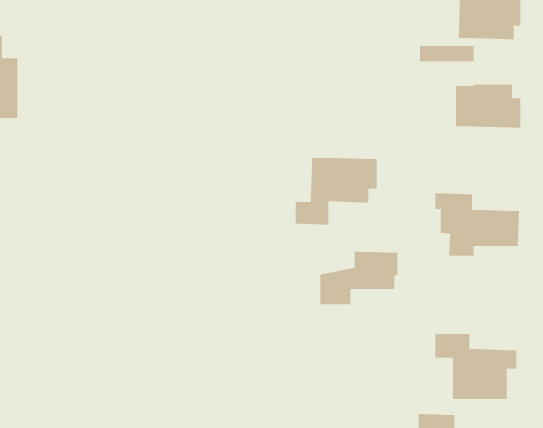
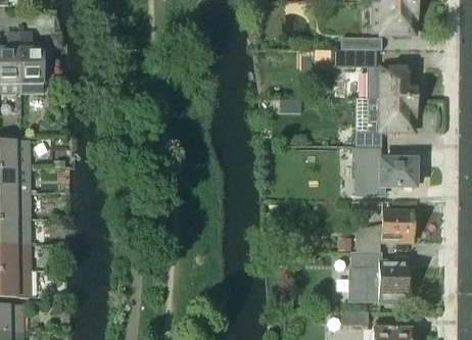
building: none -> [334,50,375,66]
building: [295,158,378,225] -> [353,98,415,148]
building: [319,251,398,305] -> [355,211,413,251]

